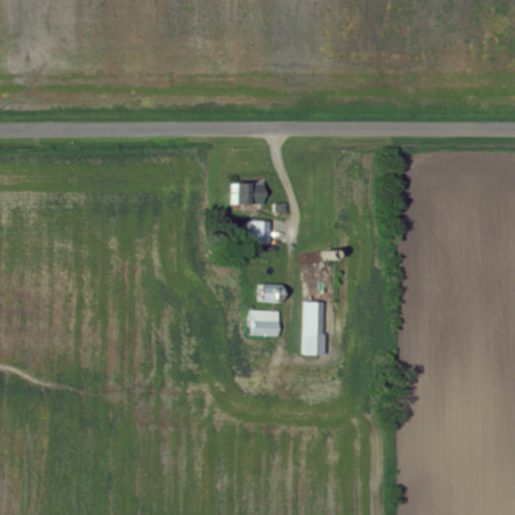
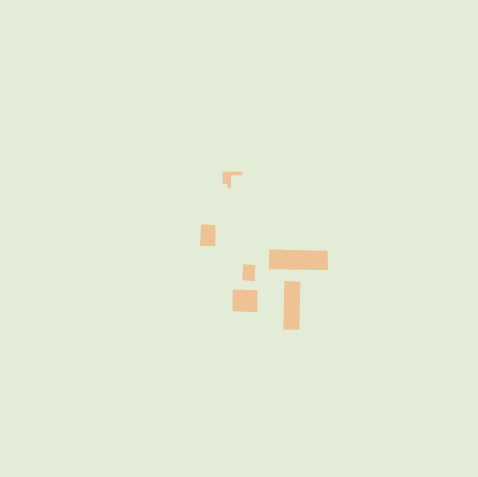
building: [250,220,269,244] -> [199,224,216,246]
building: none -> [268,249,329,271]

